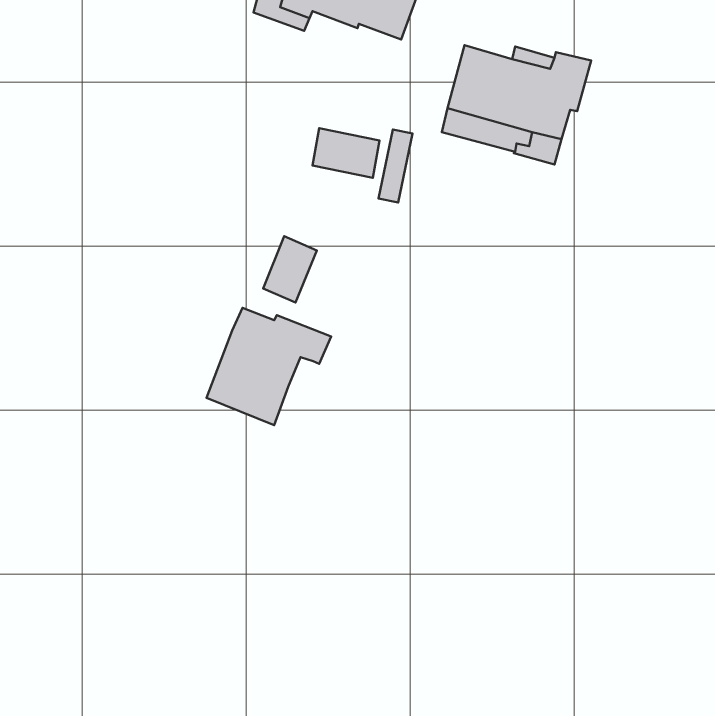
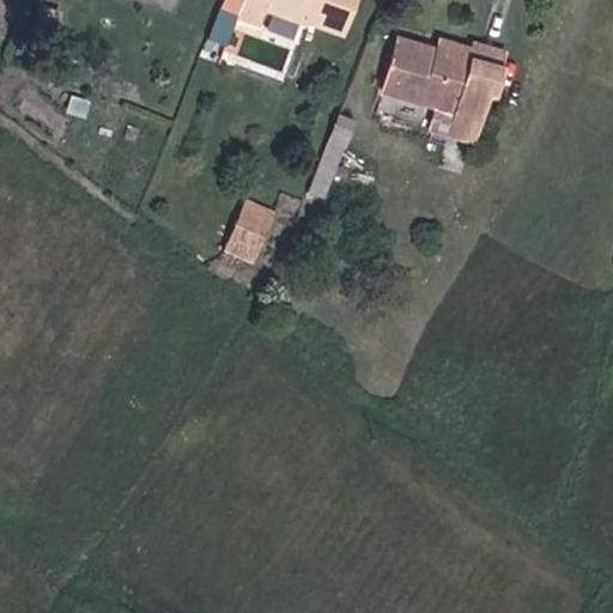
building: [312,128,380,178] -> none
building: [207,308,331,425] -> none

